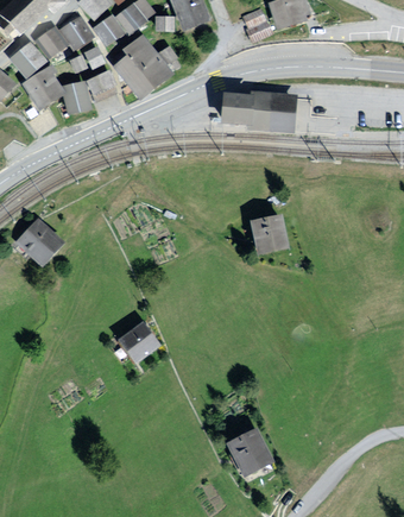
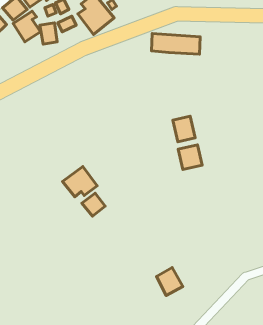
building: [19,222,59,261] -> none
building: none -> [178,145,202,169]
building: none -> [63,166,97,197]

